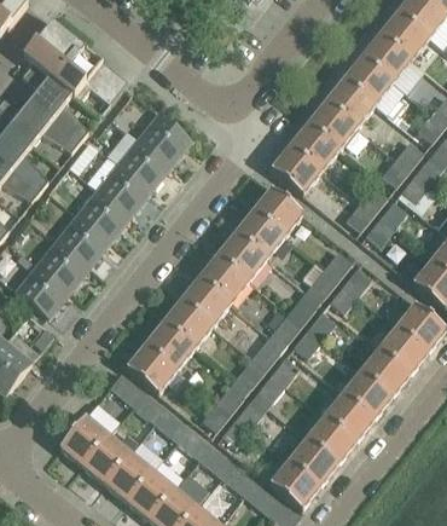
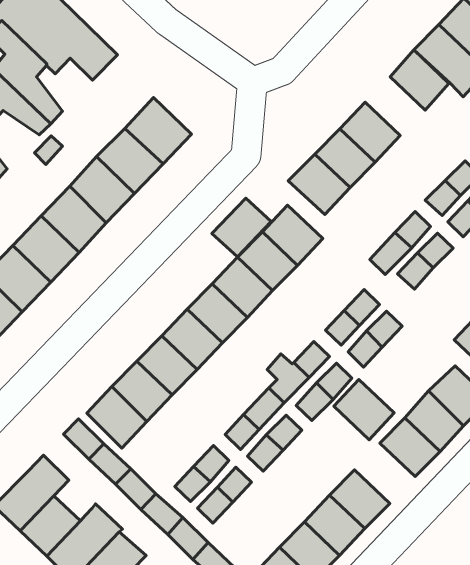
building: [326,80,375,126] -> none
building: none -> [212,198,271,257]
building: [343,371,391,418] -> [334,379,394,440]

